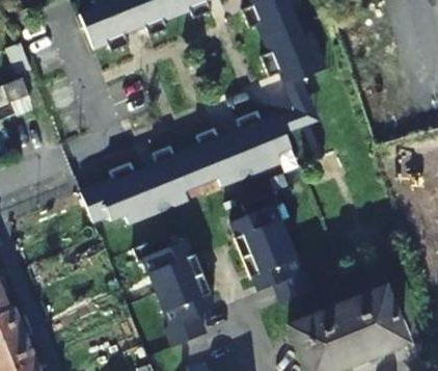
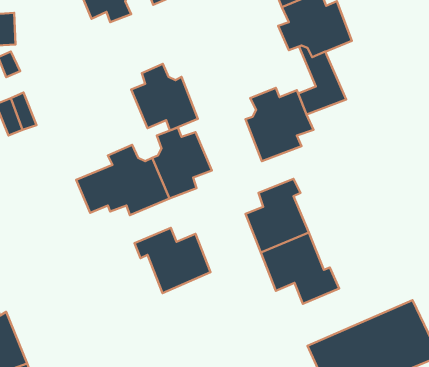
building: [186,127,245,186] -> [131,64,198,131]
building: [157,274,213,346] -> none

